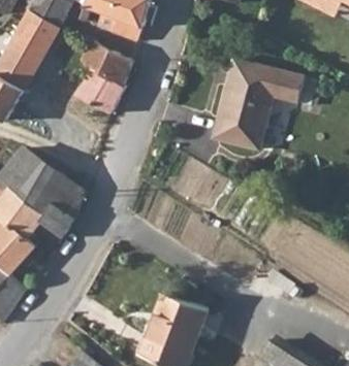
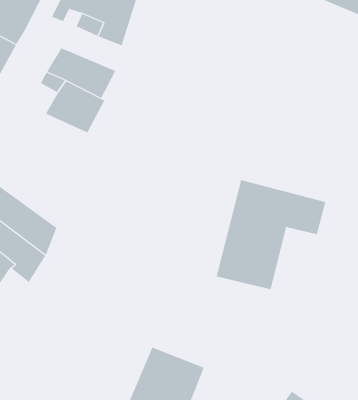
building: [212,58,305,151] -> [216,180,326,290]

